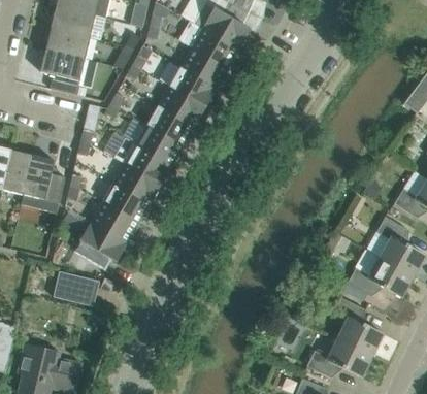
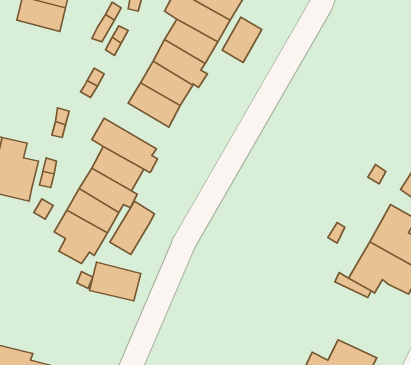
building: none -> [222,17,262,63]
building: [38,48,85,94] -> none
building: [135,124,184,165] -> none
building: none -> [110,201,154,255]
building: [53,270,99,305] -> [90,262,141,301]
building: [332,296,383,355] -> none

